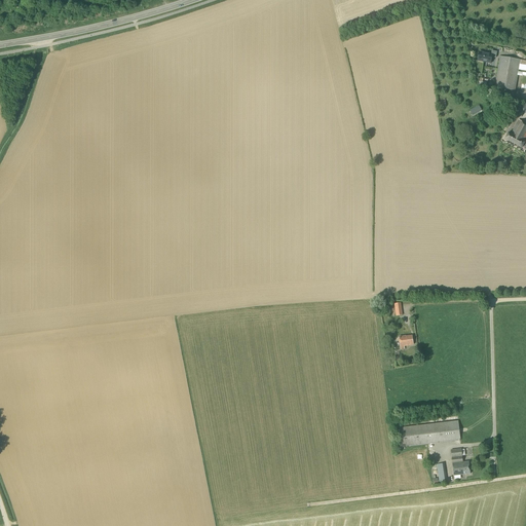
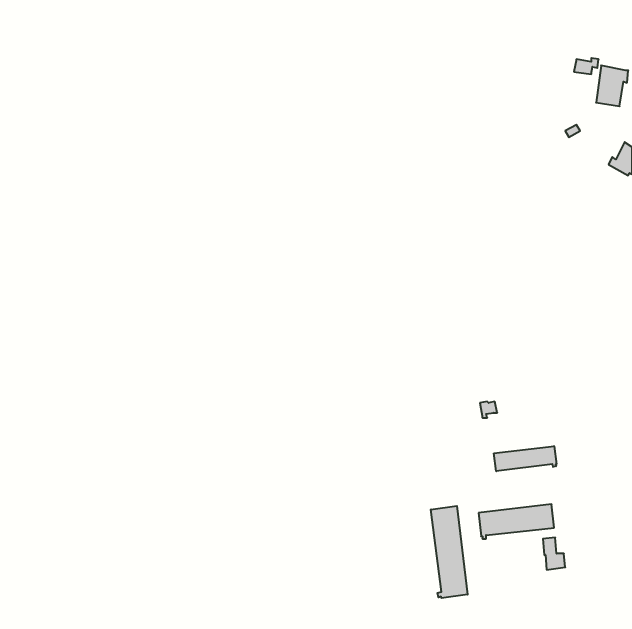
building: none -> [494,446,557,471]
building: none -> [431,506,468,598]

